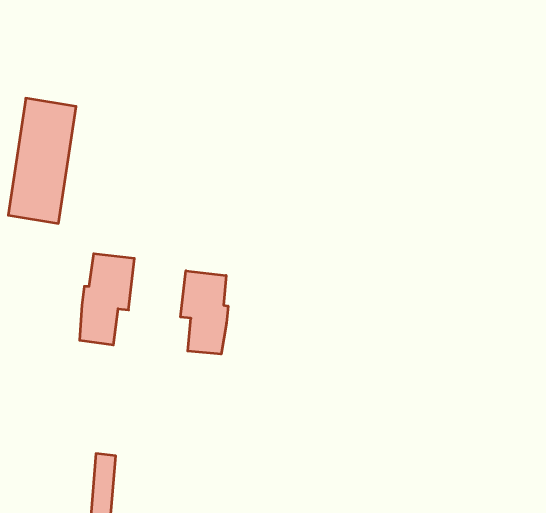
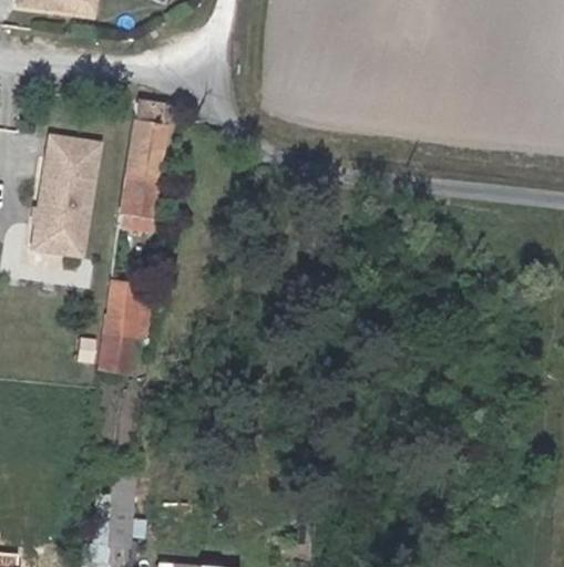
building: none -> [120,103,166,231]
building: [181,271,228,354] -> none

